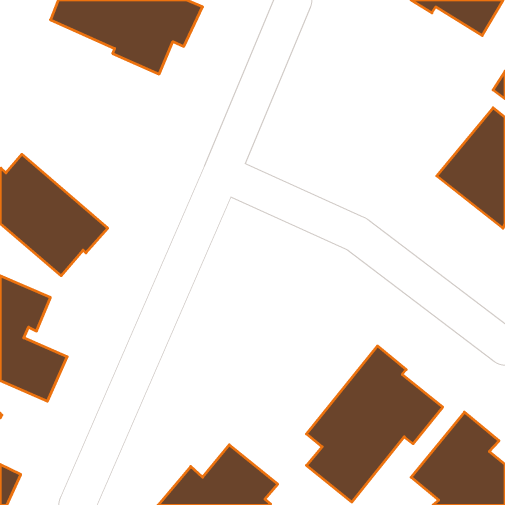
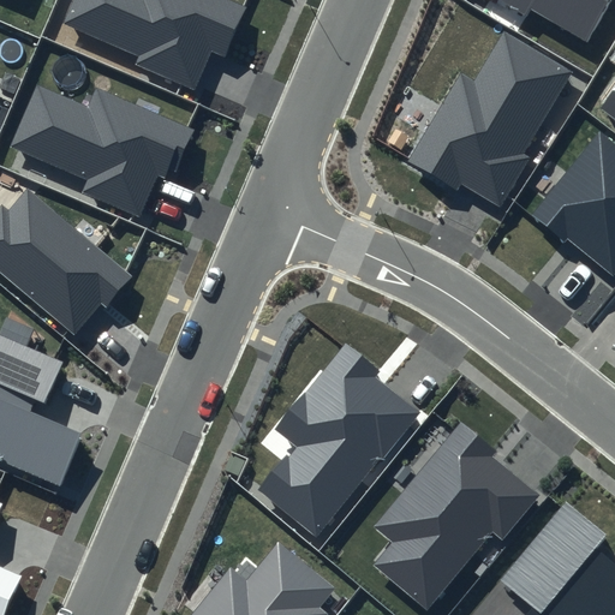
building: none -> [408,31,573,207]
building: none -> [11,84,195,219]
building: none -> [258,342,419,538]

